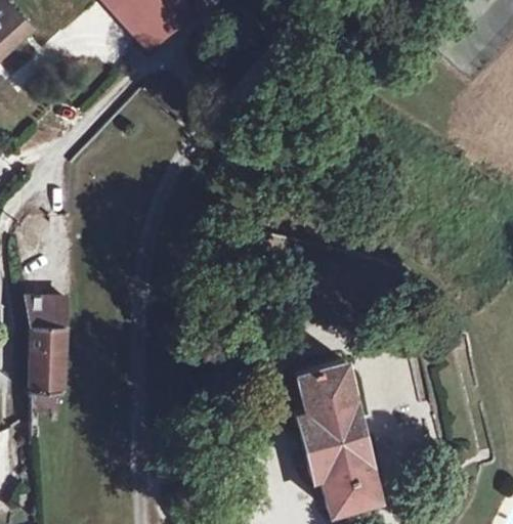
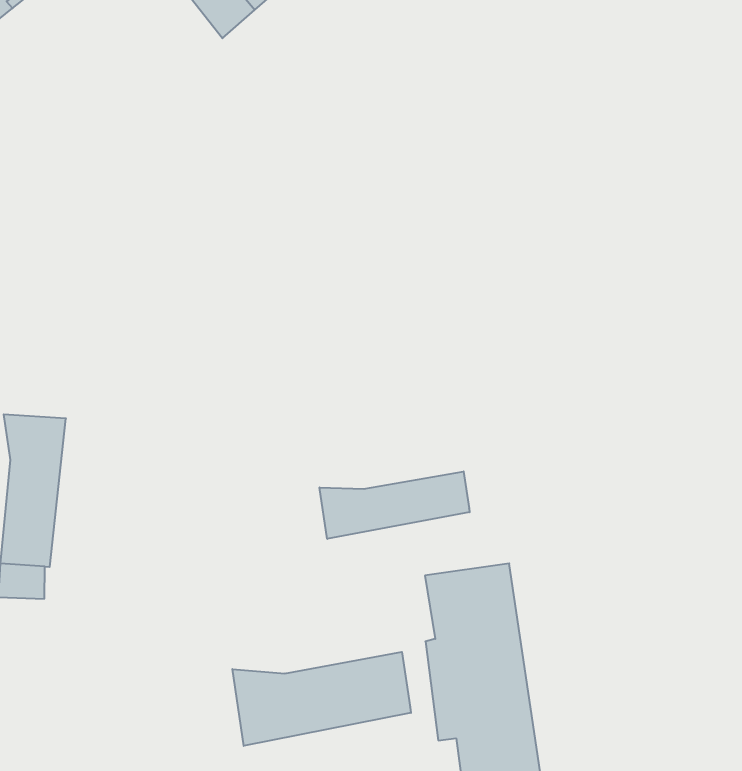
building: none -> [320,471,470,539]
building: none -> [232,652,411,746]

